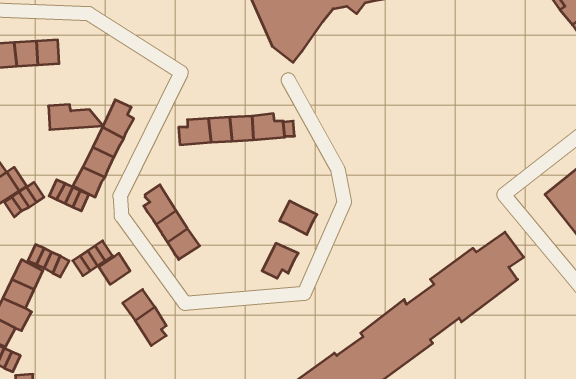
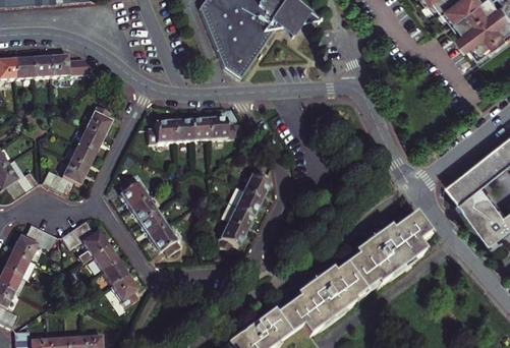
building: [48,105,103,130] -> [49,55,94,75]
building: none -> [242,167,268,198]
building: none -> [222,204,252,230]
building: none -> [148,224,179,254]
building: none -> [92,244,118,271]

